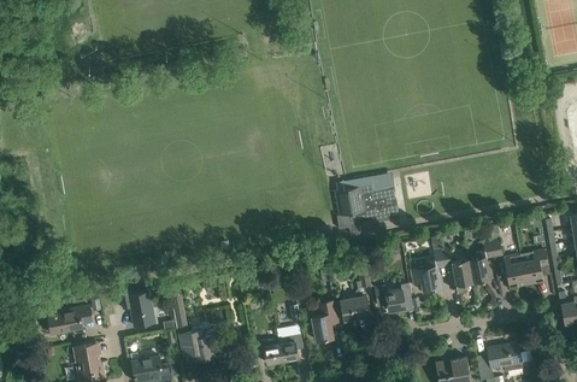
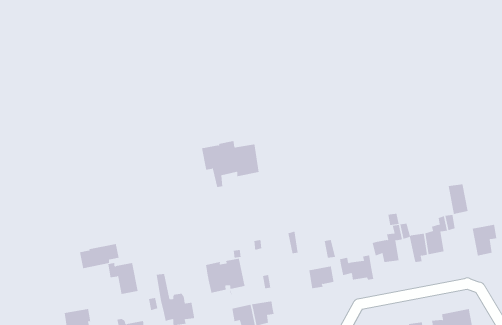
building: [335,183,399,235] -> [201,141,259,188]
building: [504,254,526,288] -> [448,184,469,214]
building: none -> [205,258,245,295]
building: [312,300,338,341] -> none
building: [48,306,93,334] -> [79,244,120,269]

